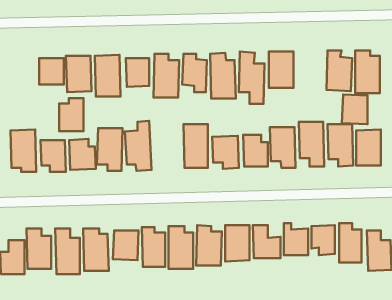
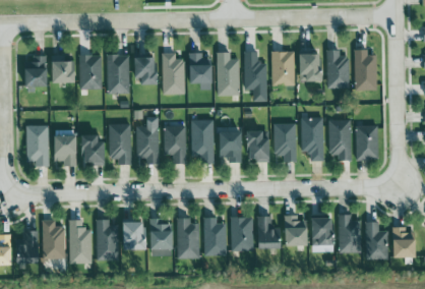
building: [342,95,368,124] -> [299,53,323,81]
building: [59,98,84,131] -> [24,56,48,88]
building: none -> [163,126,186,164]

